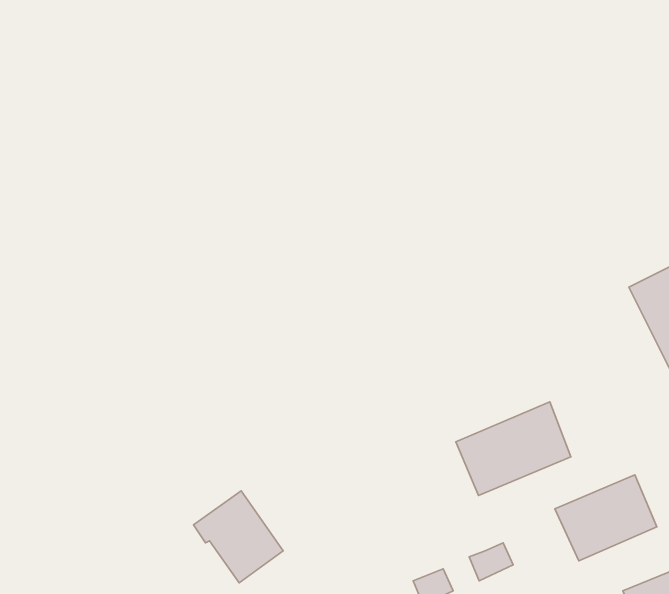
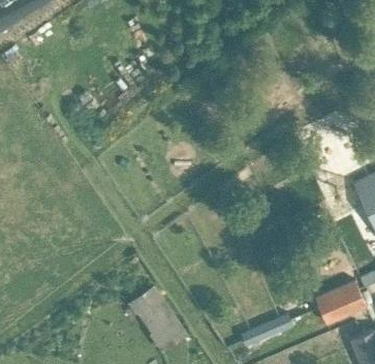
building: [456,402,571,495] -> none

